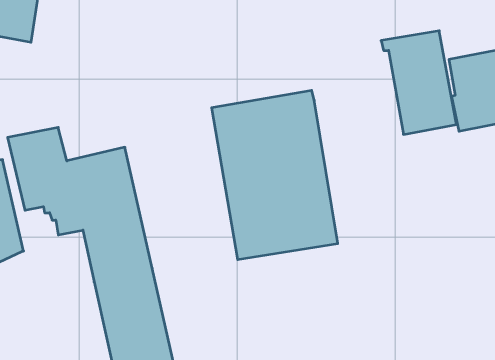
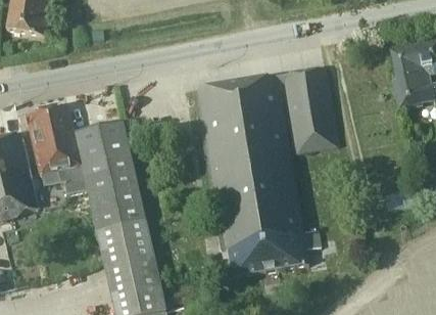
building: [381,31,457,134] -> [278,68,340,153]
building: none -> [216,203,322,277]

